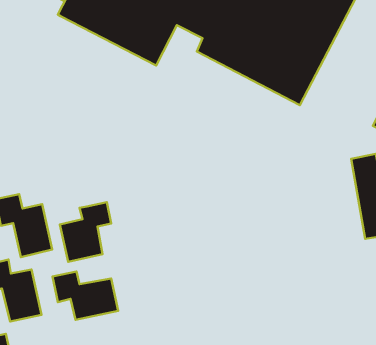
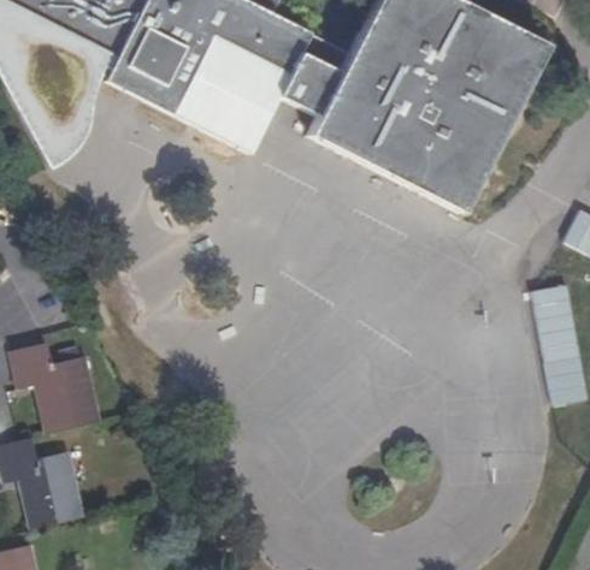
building: [60,202,111,262] -> none
building: [52,271,118,320] -> none

